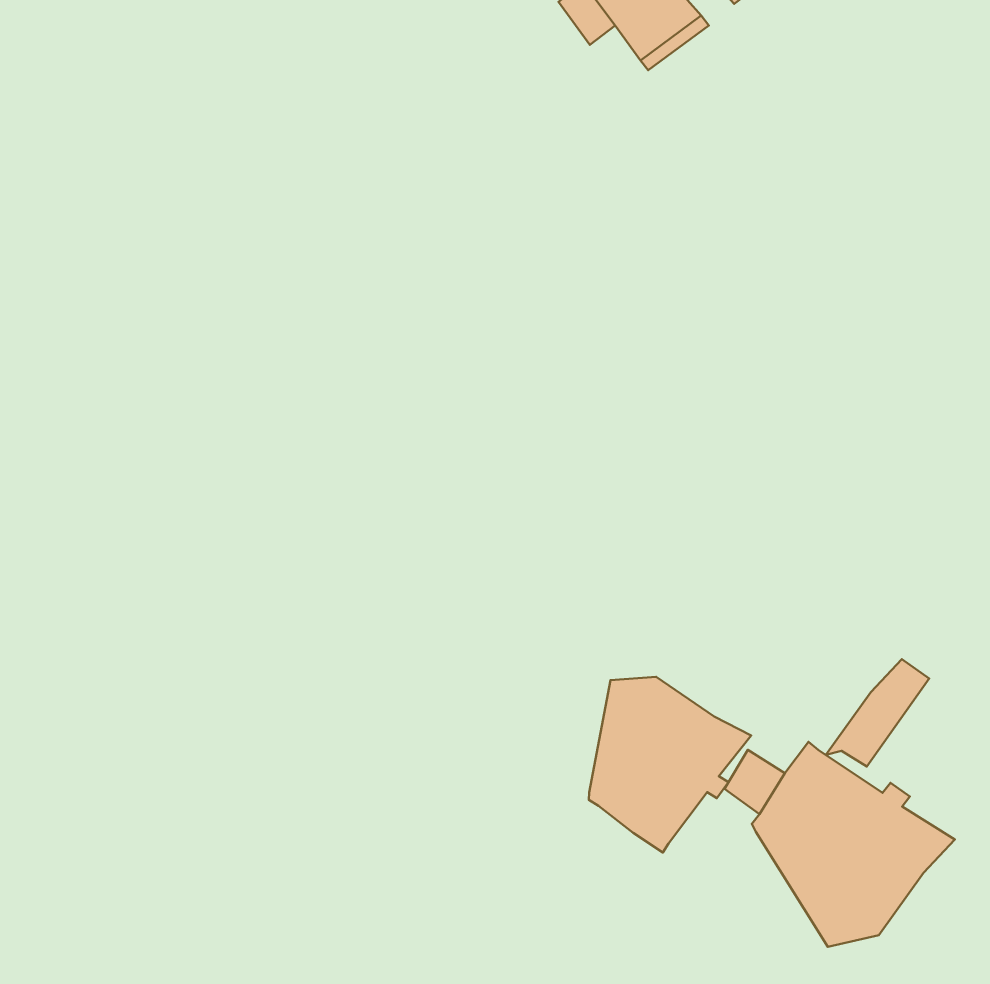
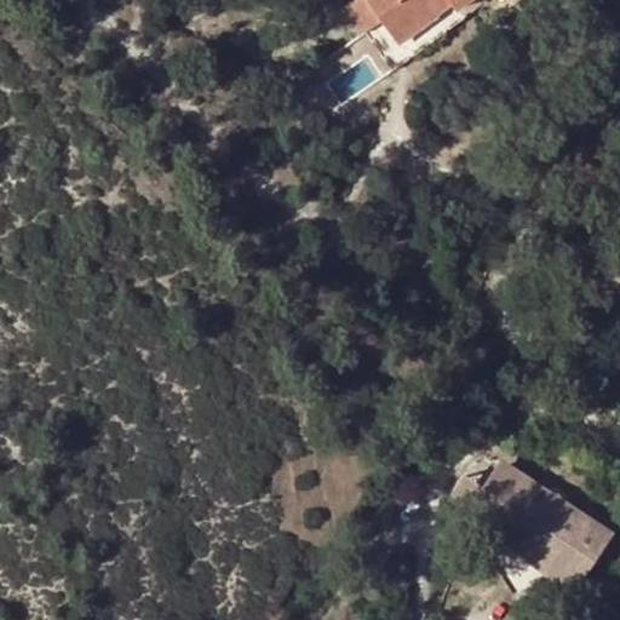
building: [826,659,929,766] -> [550,521,614,587]
building: [589,677,751,852] -> none

